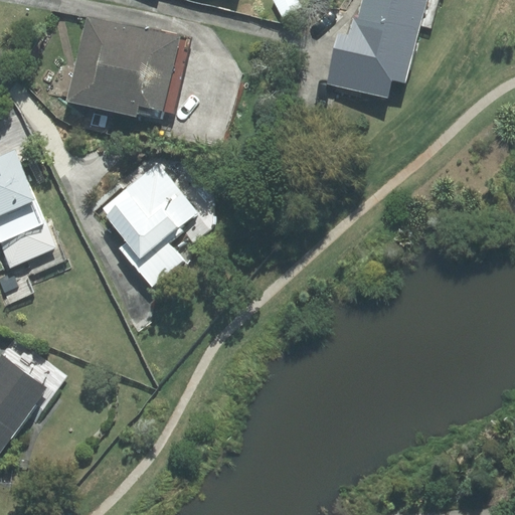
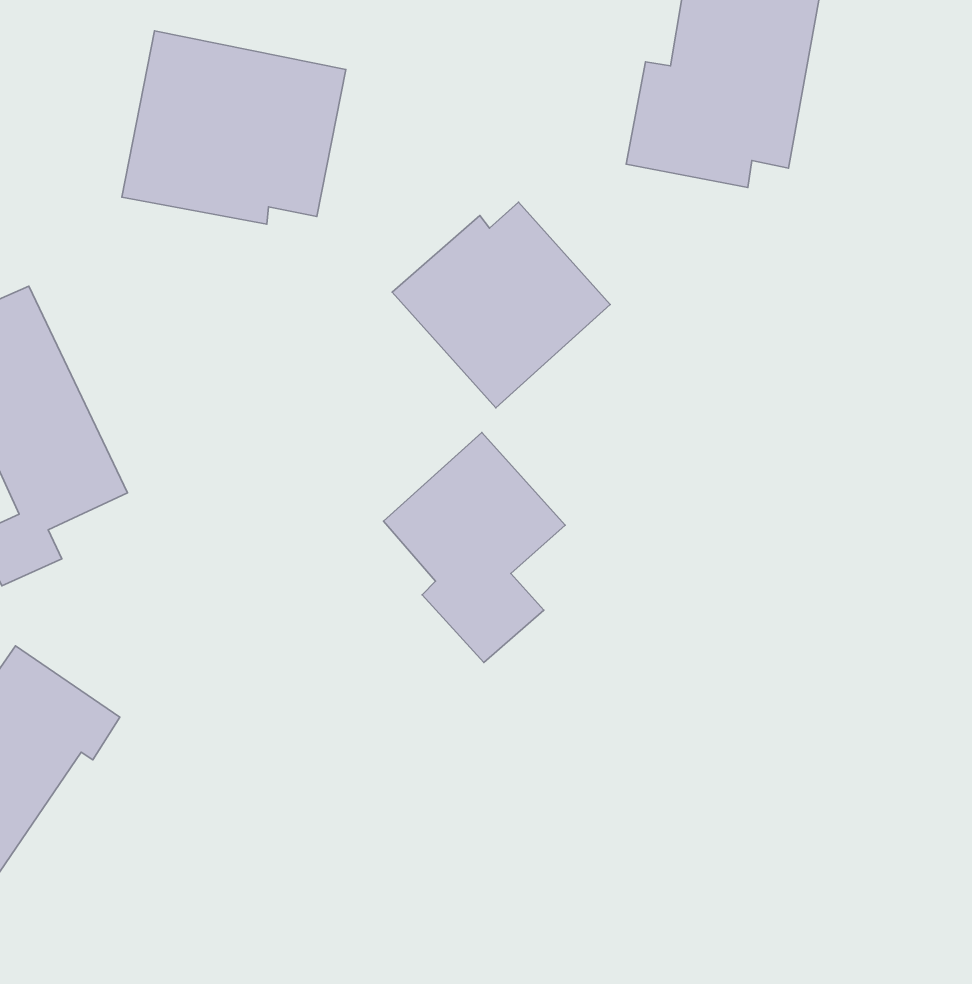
building: none -> [392,202,610,408]
building: [99,163,193,283] -> [383,432,565,662]

